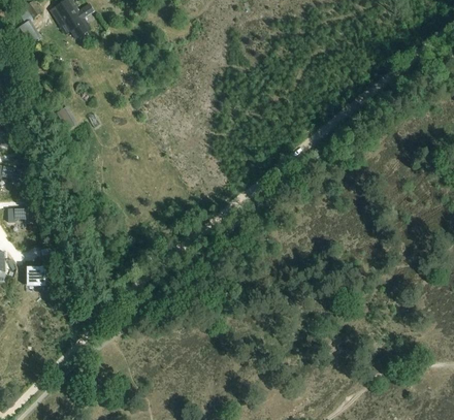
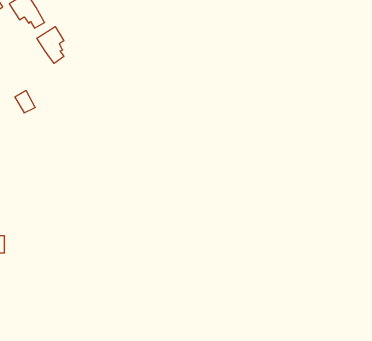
building: none -> [37,27,64,63]

